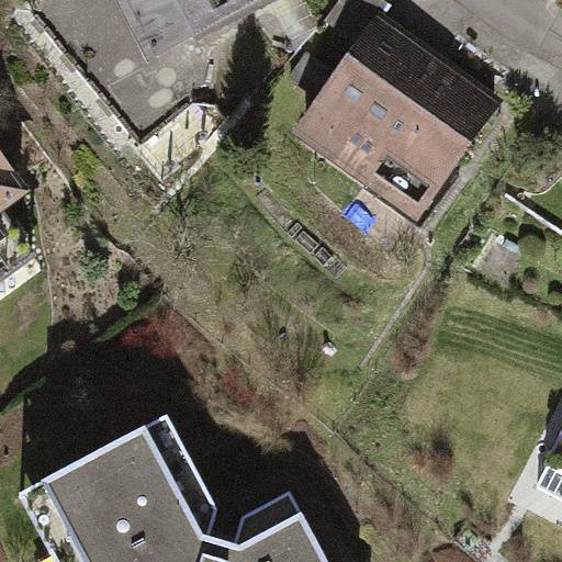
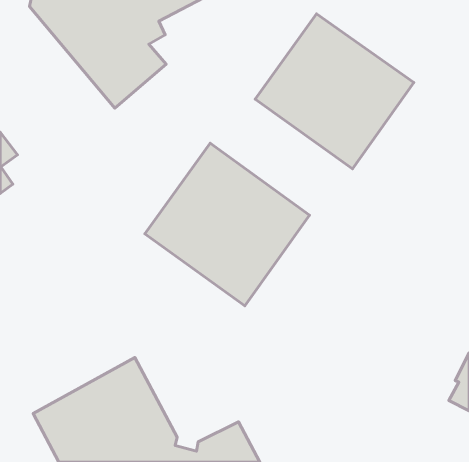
building: none -> [145,143,310,306]

